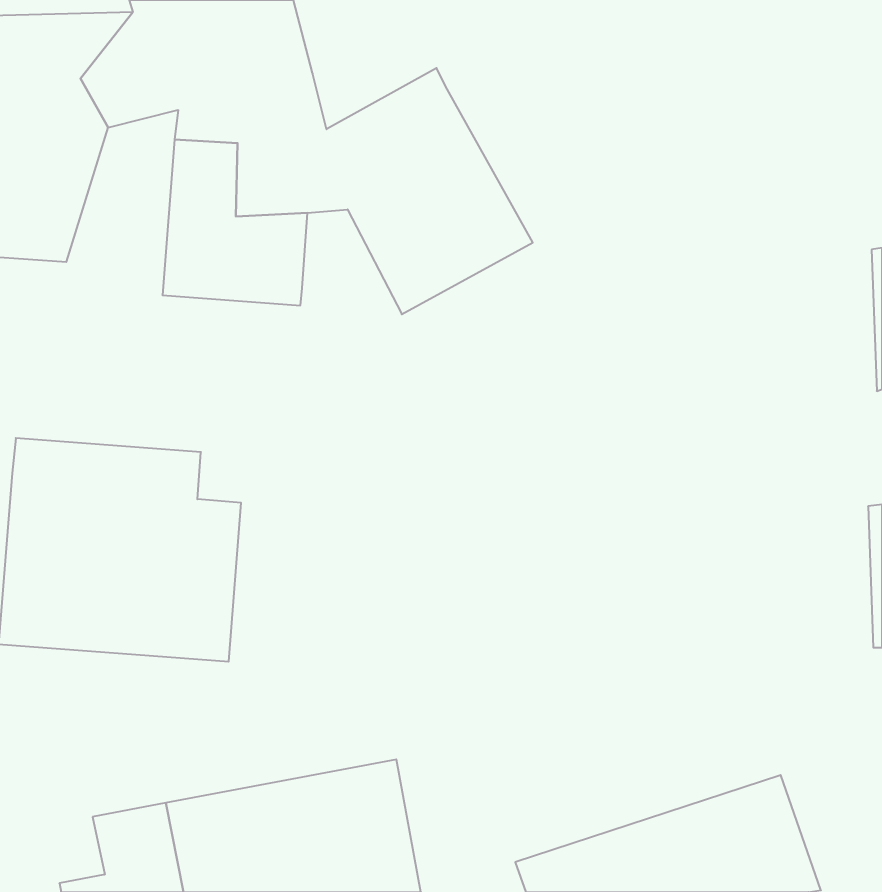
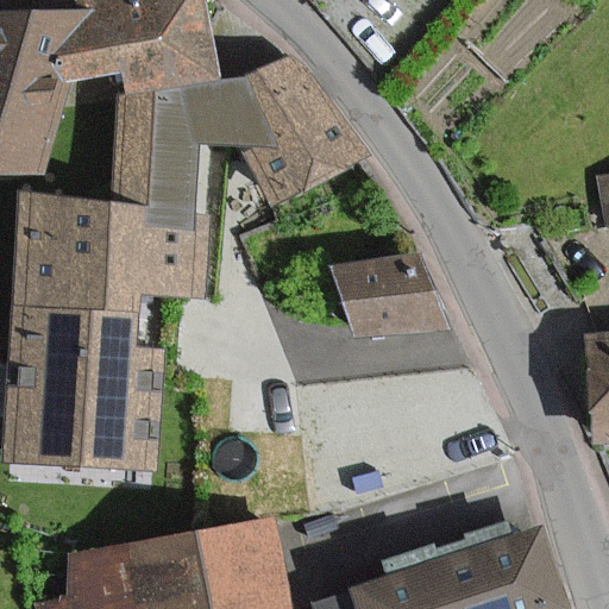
building: none -> [11,194,205,308]
building: none -> [337,253,441,345]

